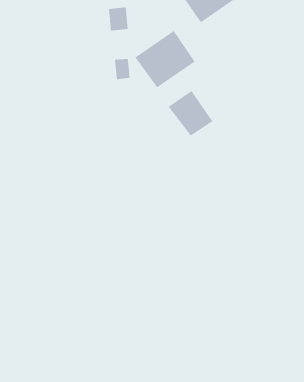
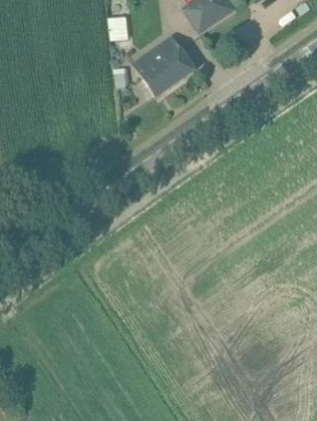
building: [168,90,213,137] -> none

